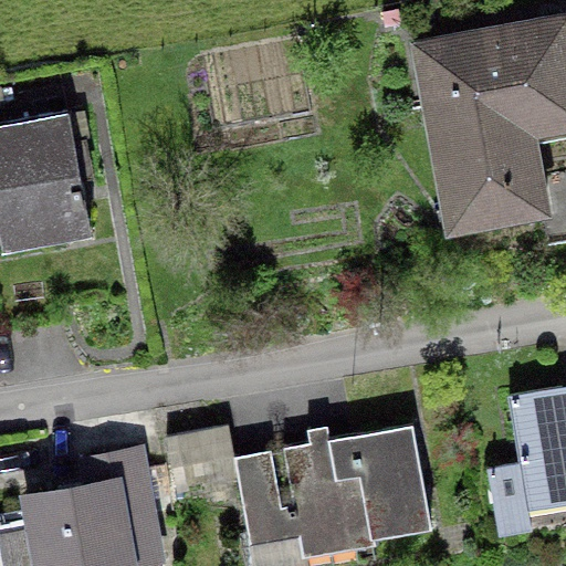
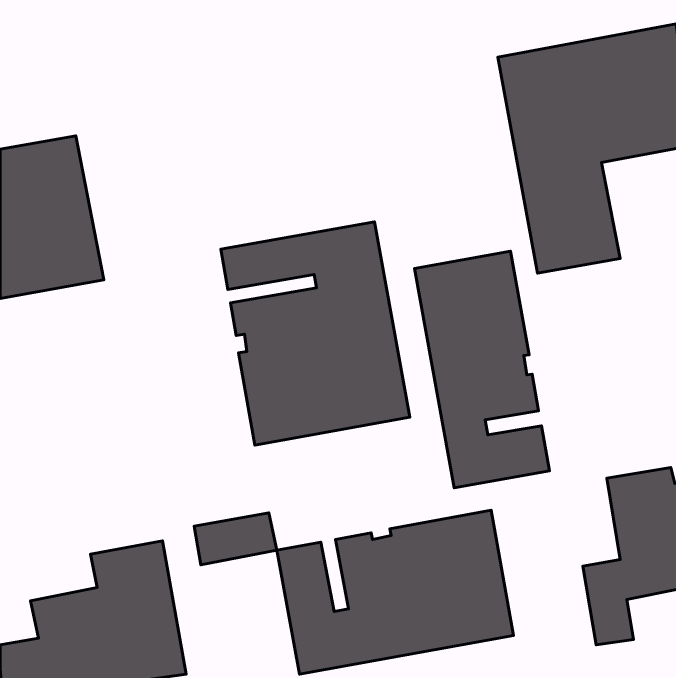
building: none -> [221,222,410,445]
building: none -> [415,251,549,488]

